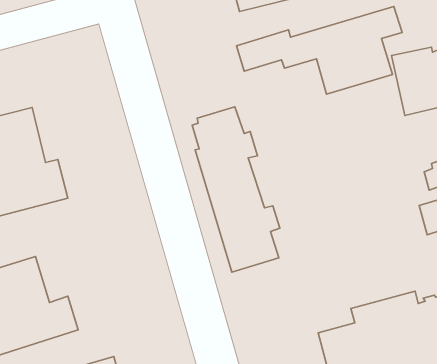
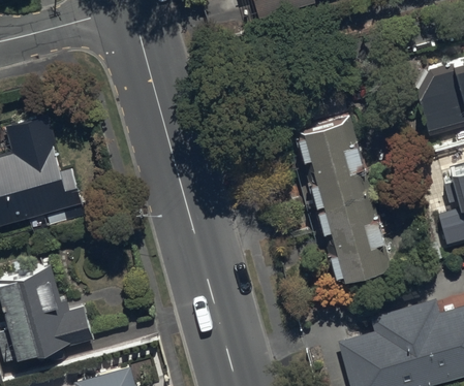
building: [237,7,402,94] -> none
building: [192,107,280,272] -> [299,123,388,290]

